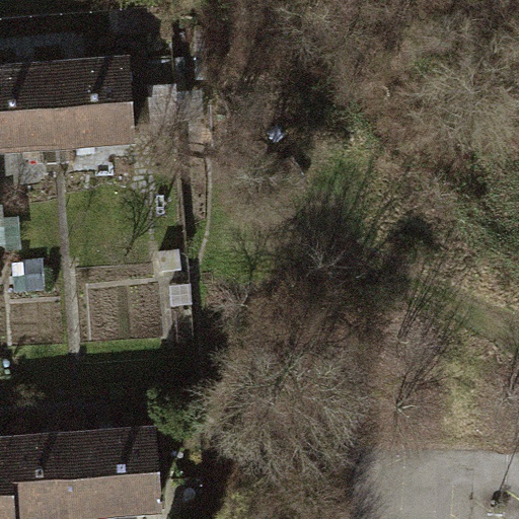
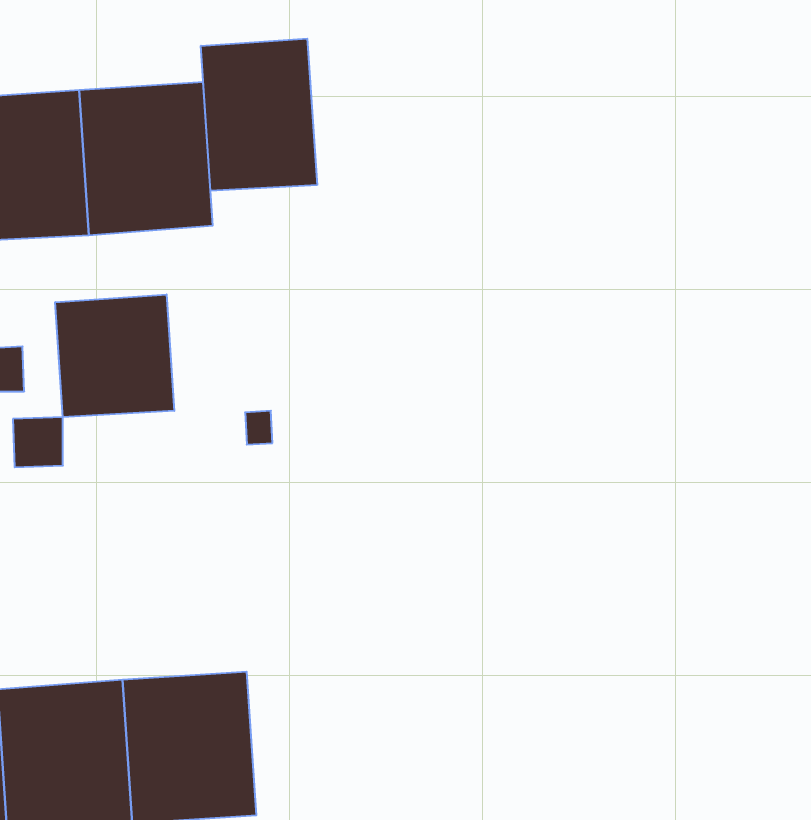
building: none -> [201,39,317,191]
building: none -> [55,294,174,417]

